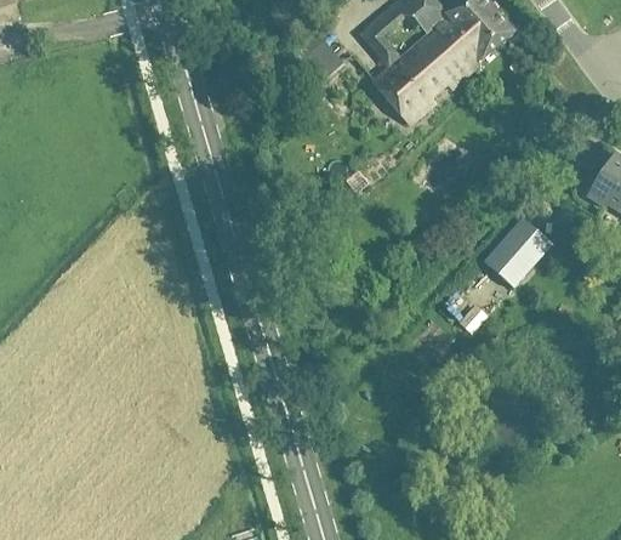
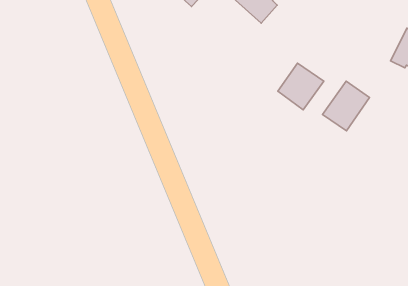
building: none -> [278,63,324,110]

